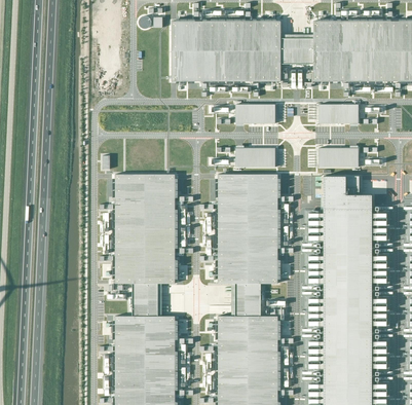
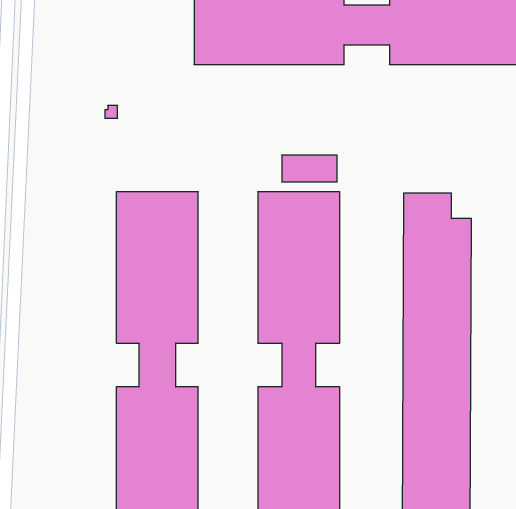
building: [236,104,275,123] -> none
building: [319,104,359,123] -> none
building: [319,147,359,167] -> none

